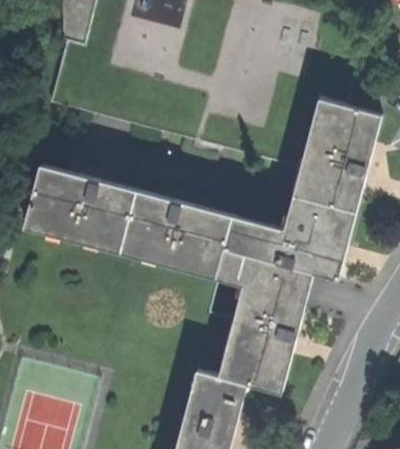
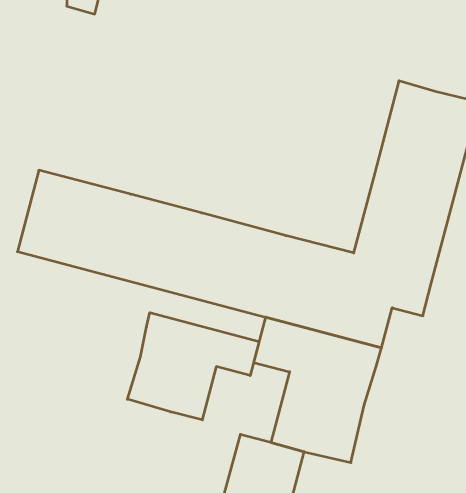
building: none -> [127,313,259,420]

